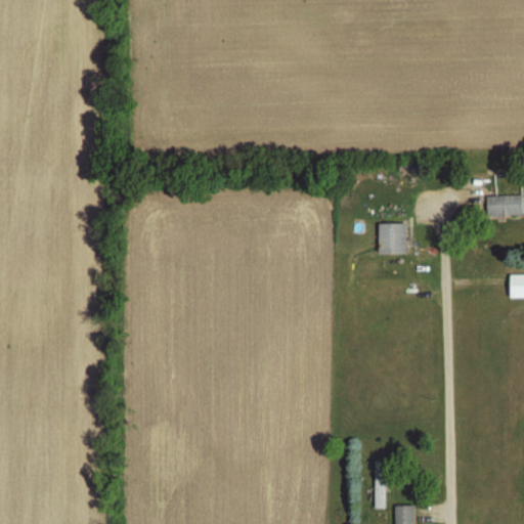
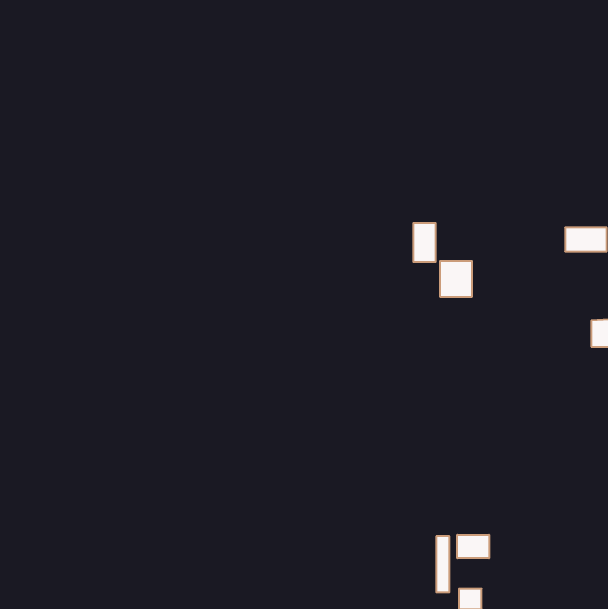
building: none -> [413,223,436,262]
building: none -> [457,535,489,558]

